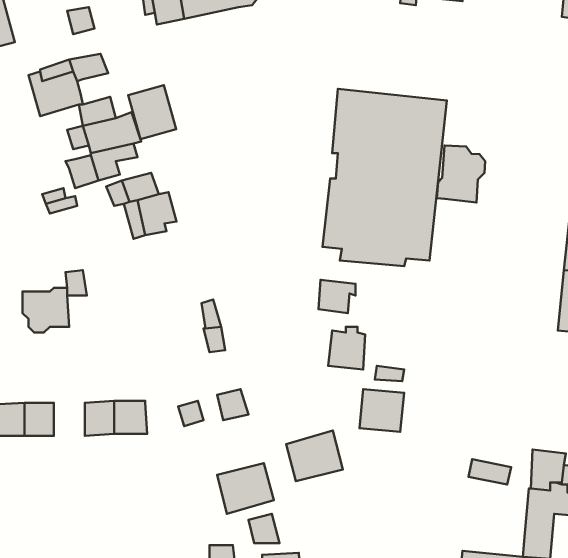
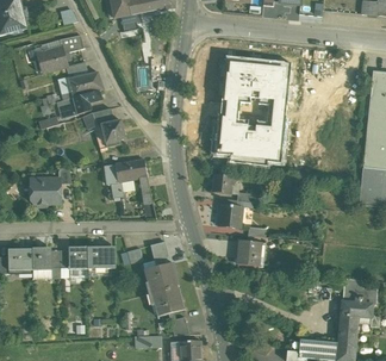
building: [128,85,176,139] -> none
building: [437,145,485,203] -> none
building: none -> [106,158,148,197]
building: [286,431,343,481] -> [145,261,180,292]

